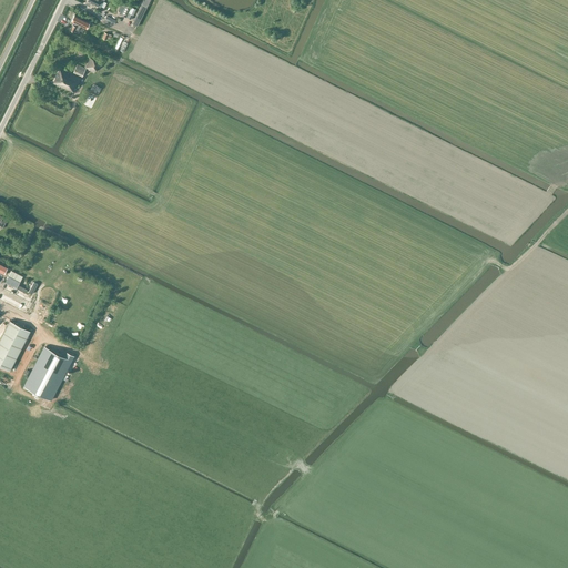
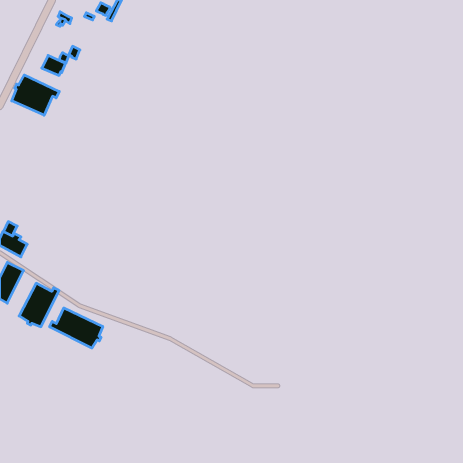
building: none -> [12,75,59,115]
building: none -> [50,308,103,348]

